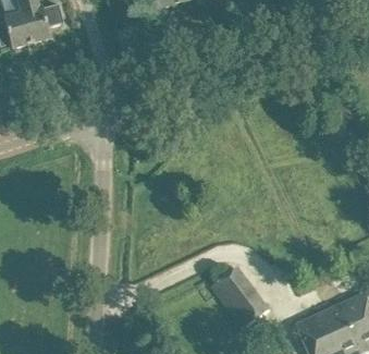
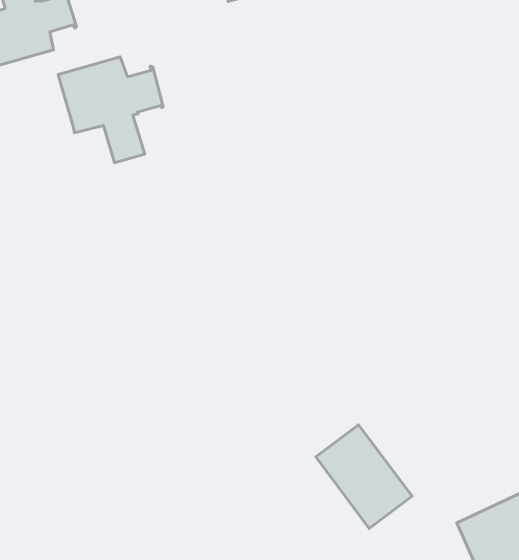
building: none -> [58,57,163,163]

